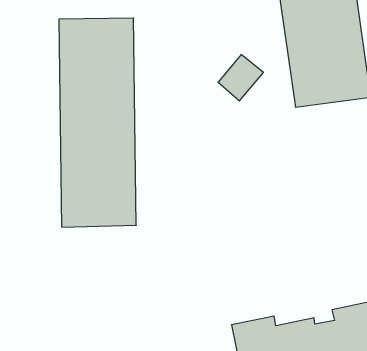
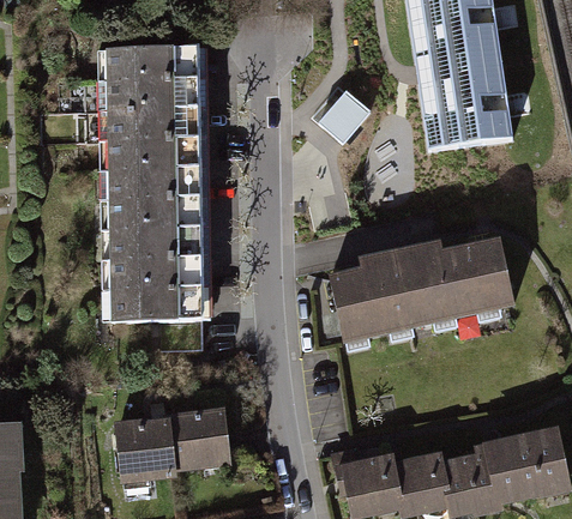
building: none -> [326,234,508,338]
building: none -> [118,405,228,485]

